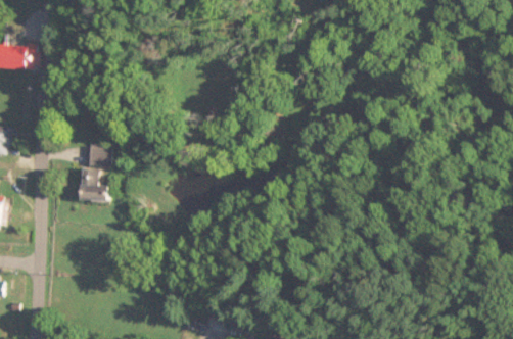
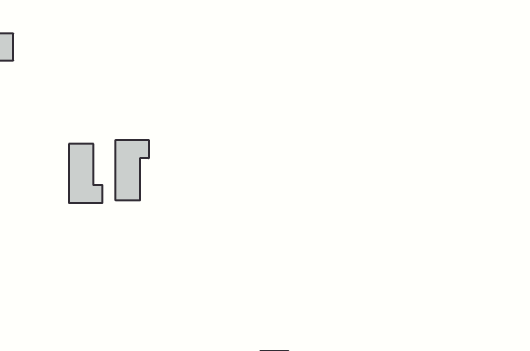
building: none -> [116,140,149,200]

